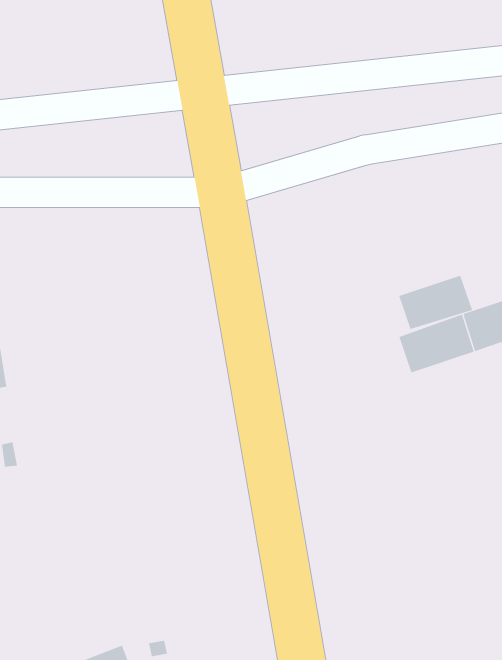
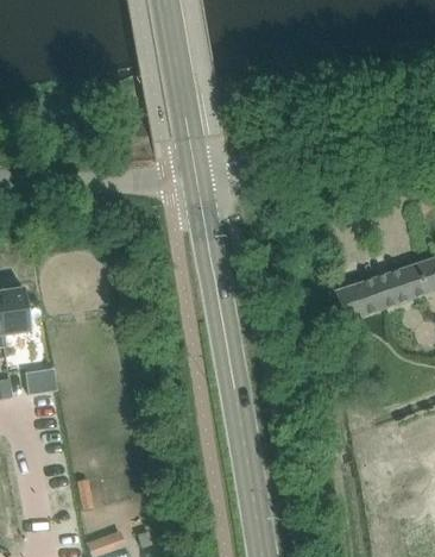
building: [399,275,473,330] -> none

